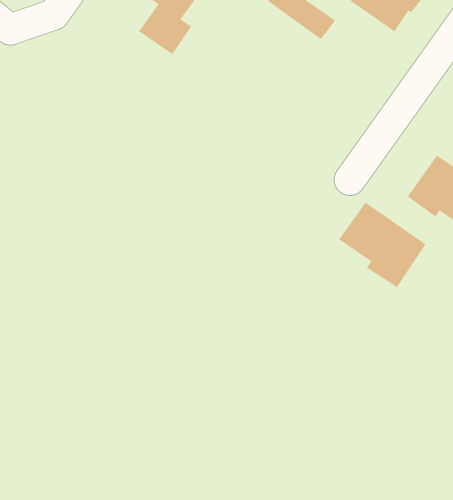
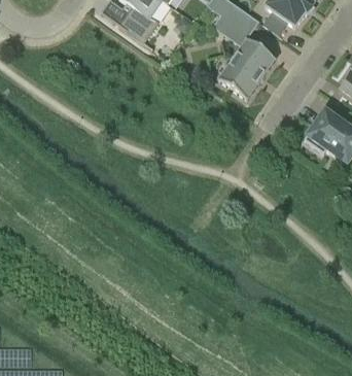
building: none -> [217,31,274,98]
building: [338,202,427,288] -> none

